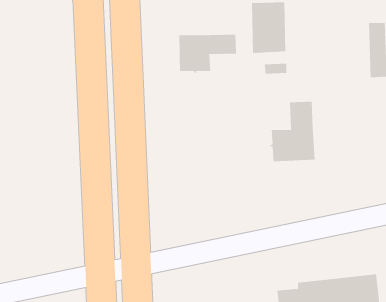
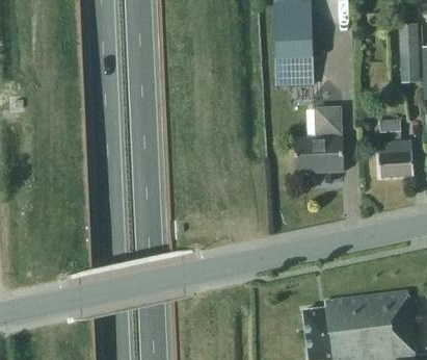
building: [179,34,236,74] -> none
building: none -> [378,119,412,179]

